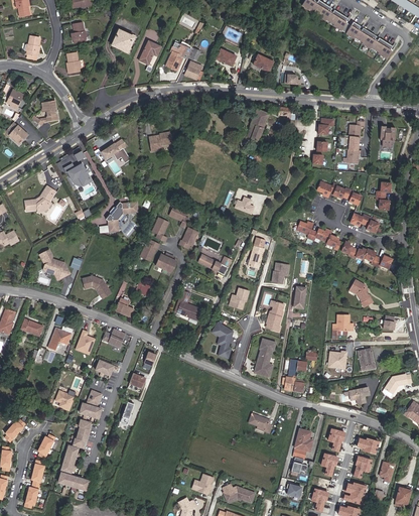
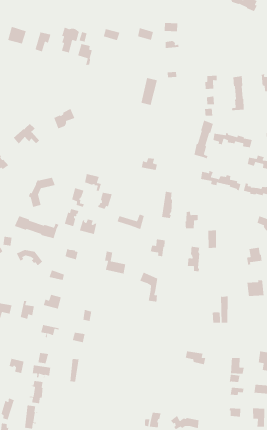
building: none -> [194,120,214,159]
building: none -> [14,215,59,239]
building: [256,338,277,376] -> none

